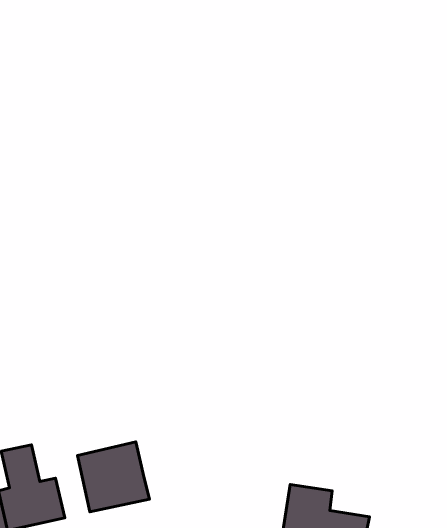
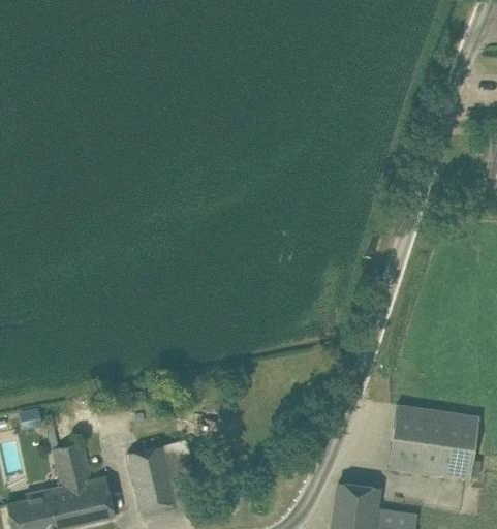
building: none -> [387,405,479,479]

